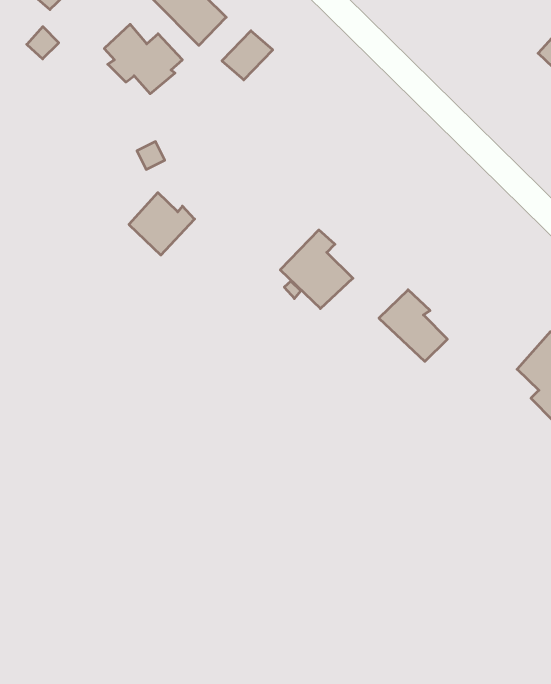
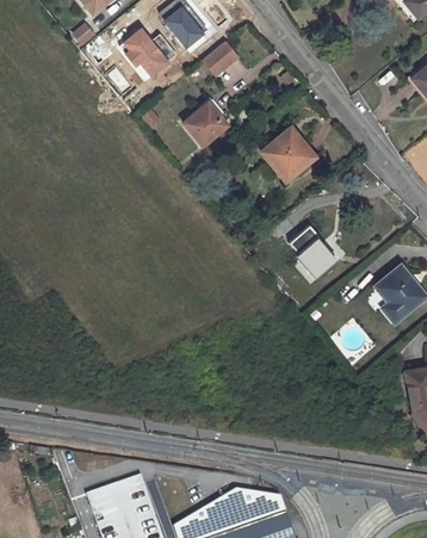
building: [129,193,195,255] -> [181,104,225,146]
building: [280,230,353,309] -> [260,128,308,180]

